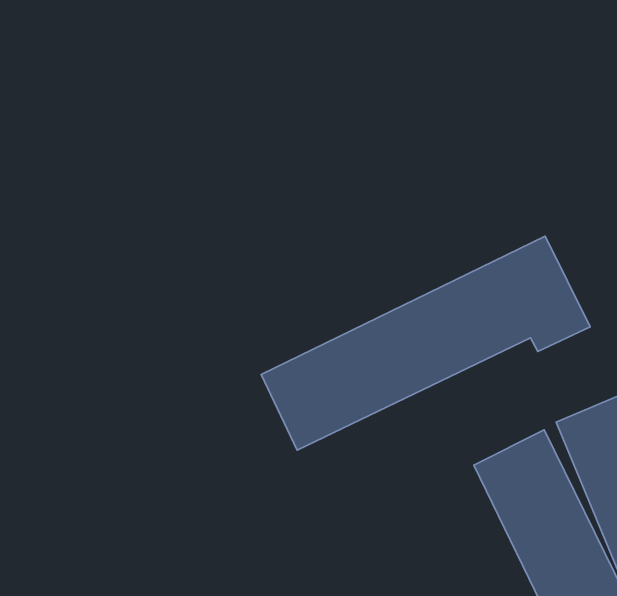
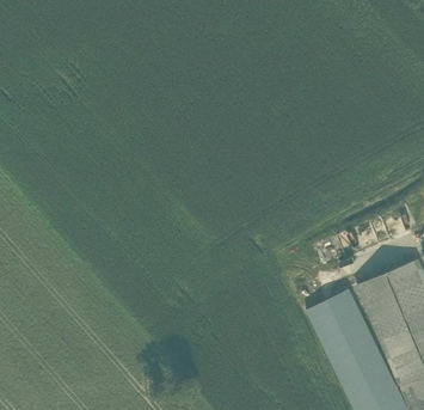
building: [261,236,590,450] -> none

